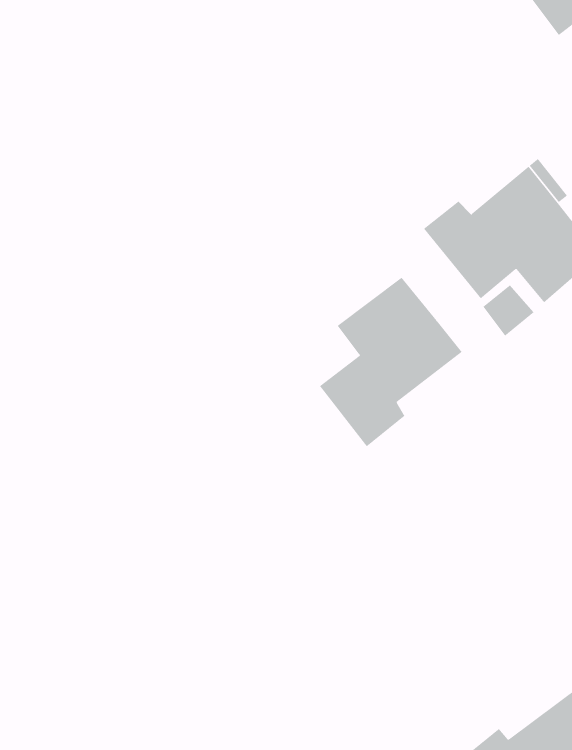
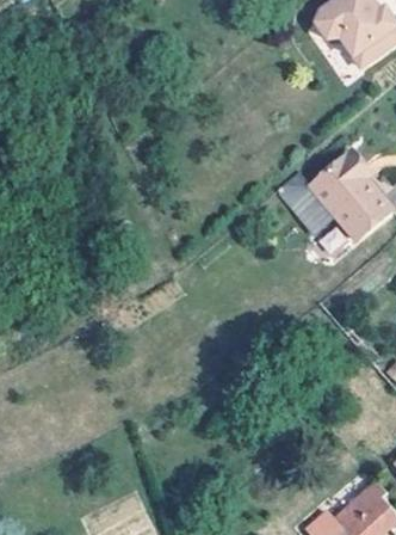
building: [319,277,462,447] -> none

